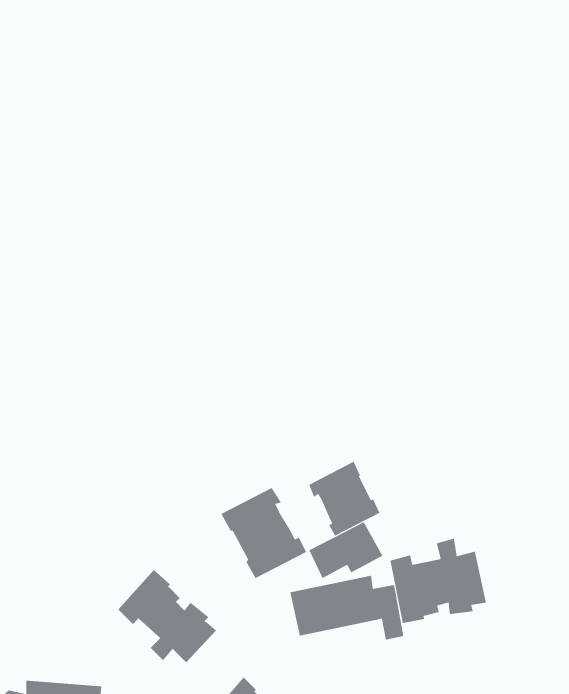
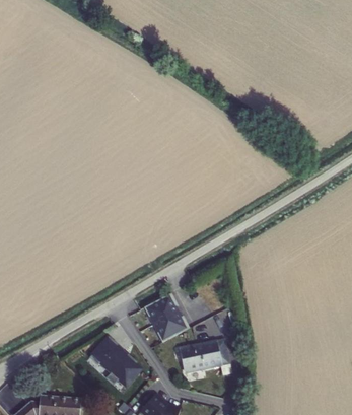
building: [308,461,380,537] -> none
building: [390,538,487,624] -> none

